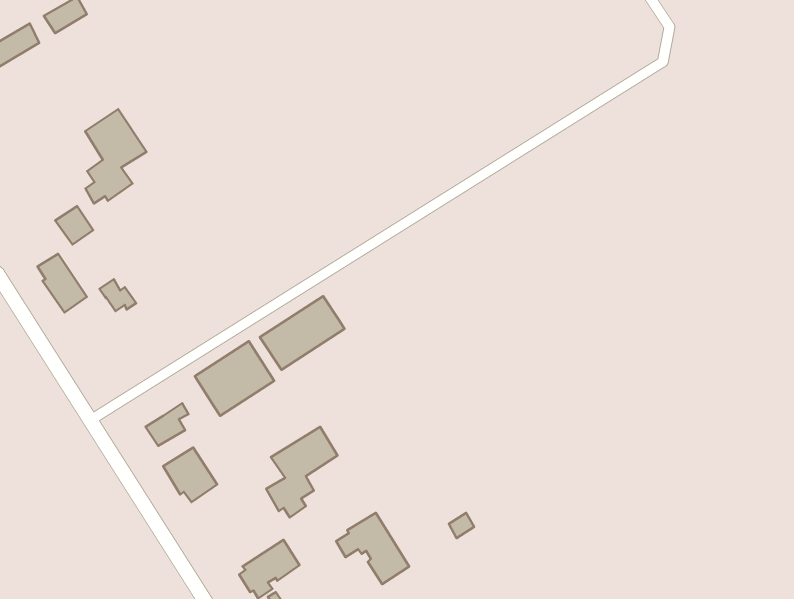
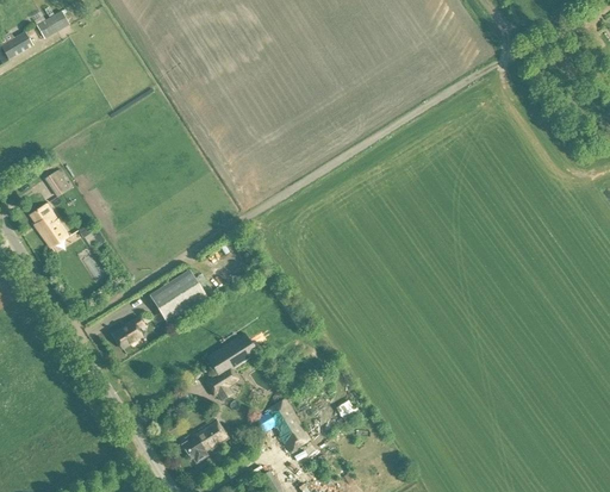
building: [85,109,147,203] -> none
building: [260,296,345,370] -> none
building: [163,448,217,502] -> none

